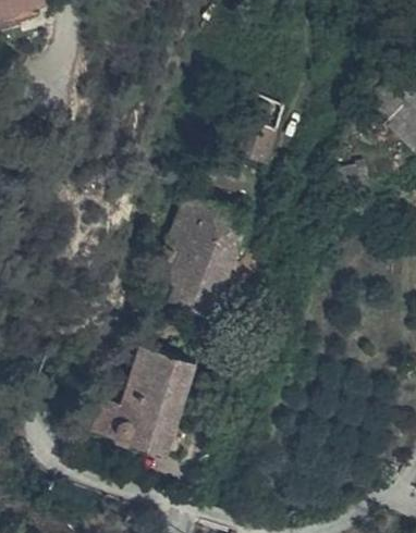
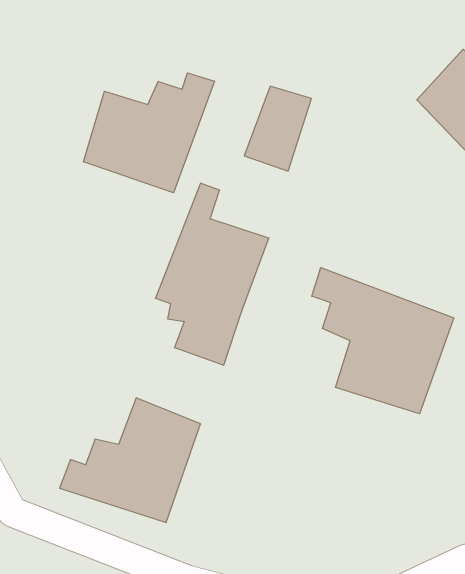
building: none -> [84,73,214,193]
building: none -> [312,268,454,414]

